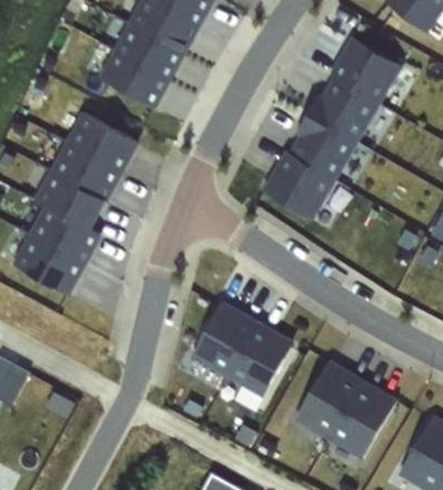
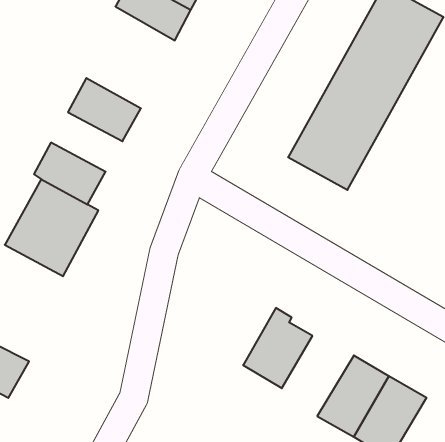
building: [96,49,165,107] -> none
building: [53,145,118,199] -> none
building: [190,307,256,374] -> none

